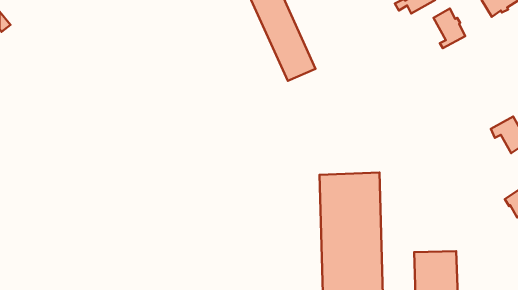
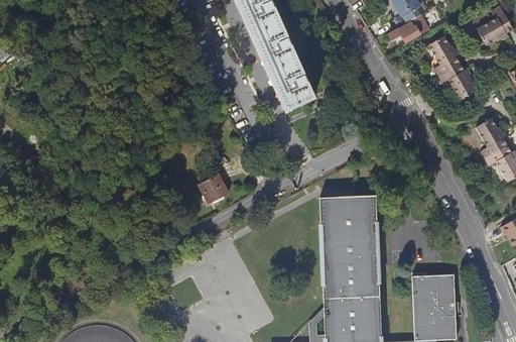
building: none -> [440,65,479,102]
building: none -> [478,117,510,156]
building: none -> [199,174,229,204]

